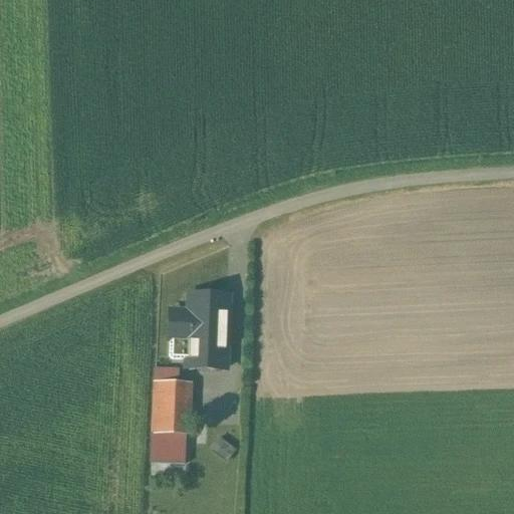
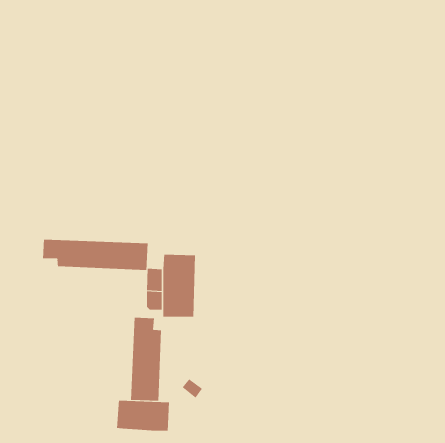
building: none -> [43,239,148,271]
building: none -> [116,400,169,432]

